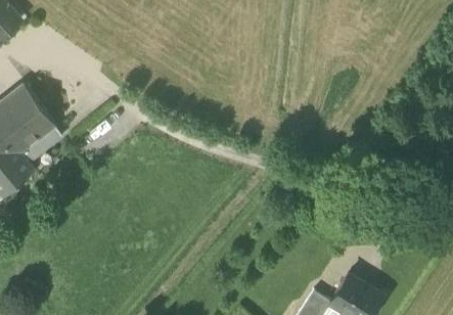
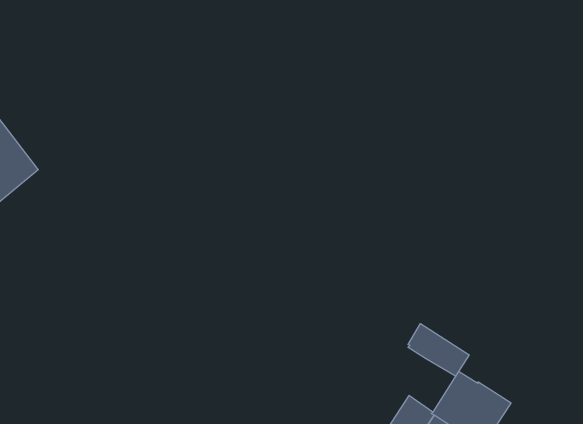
building: none -> [408,324,469,376]

